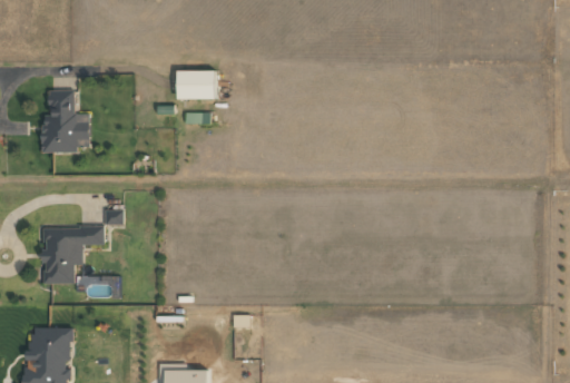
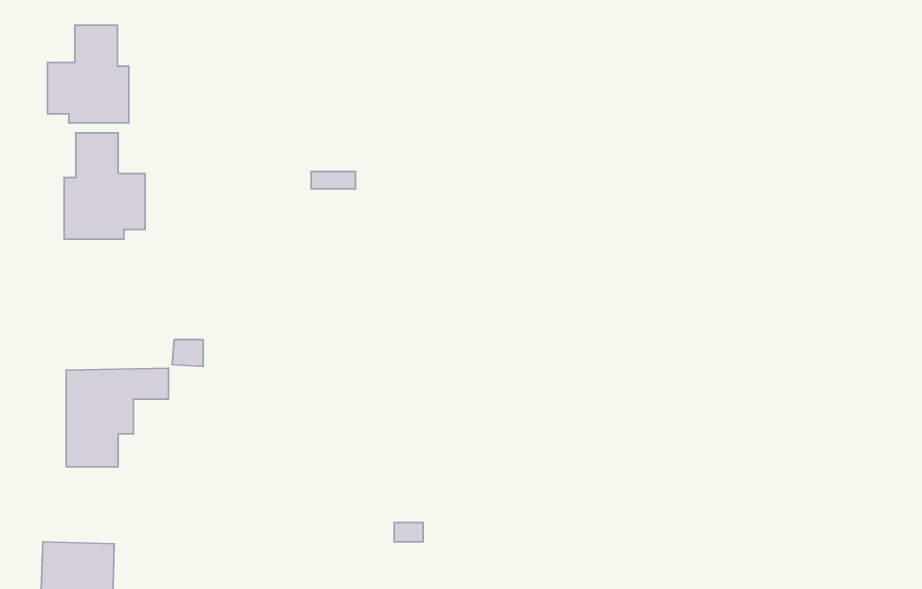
building: none -> [48,25,129,123]
building: [176,70,214,98] -> none

